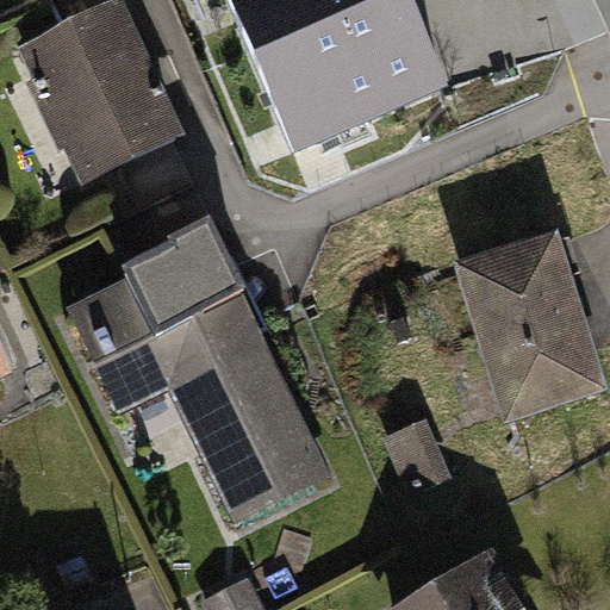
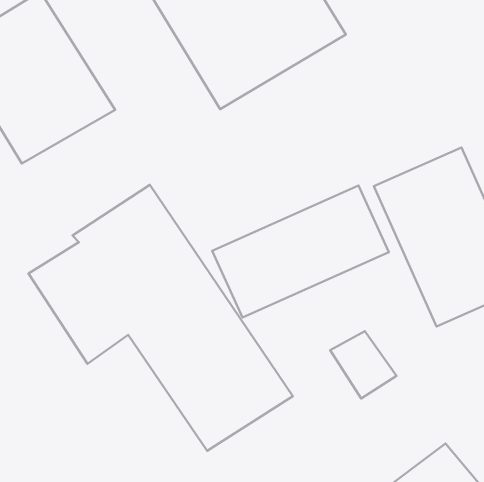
building: none -> [212,186,389,318]

